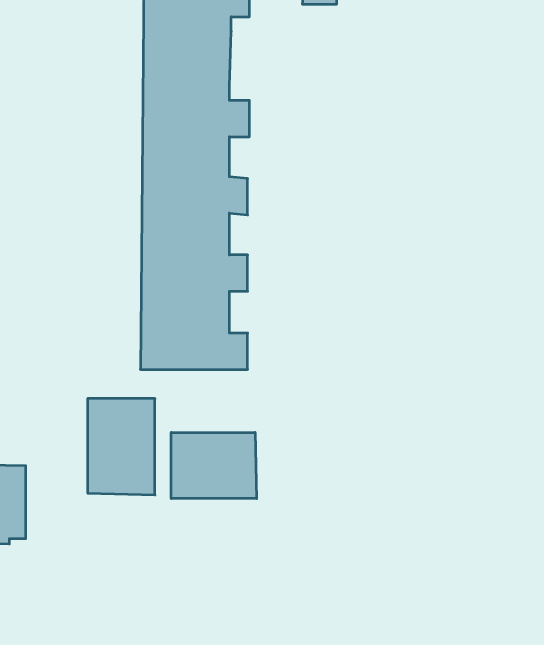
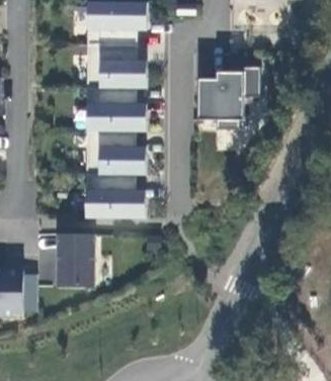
building: none -> [197,66,259,128]
building: [171,432,257,499] -> none

